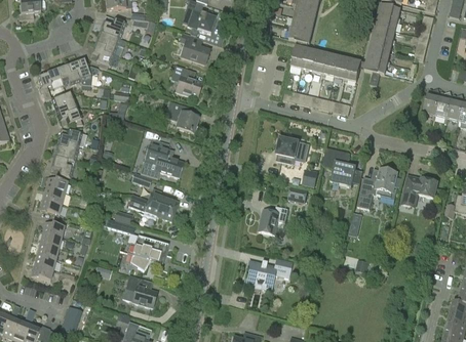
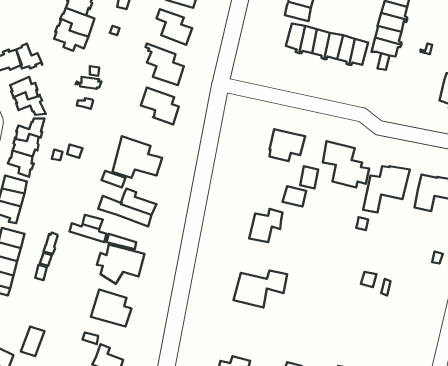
building: [67,58,99,85] -> none

